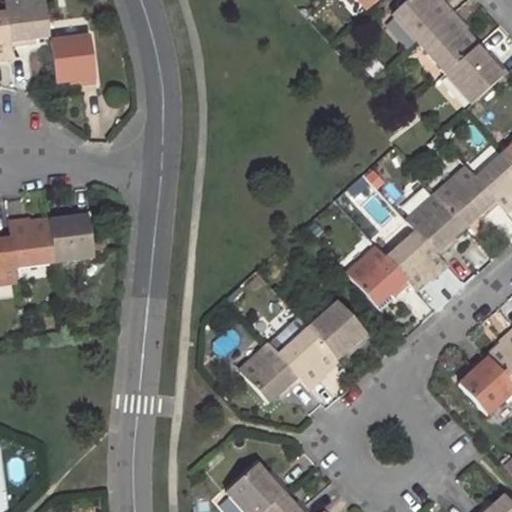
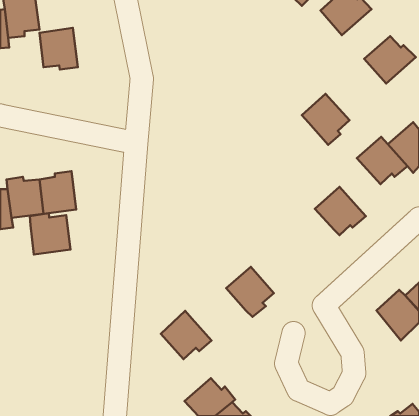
building: [417,11,476,72] -> none
building: [406,193,464,255] -> [302,94,349,145]
building: [346,246,408,305] -> none
building: none -> [30,213,71,254]
building: [306,299,368,358] -> none
building: [238,343,300,402] -> [161,311,212,359]

